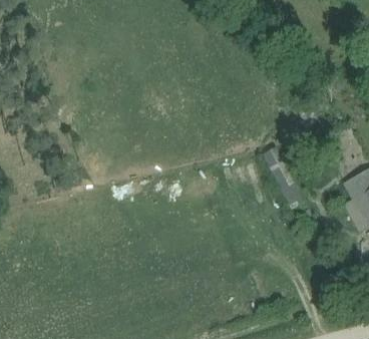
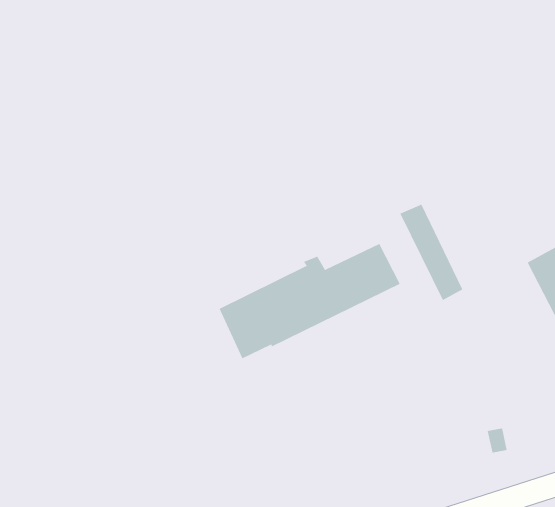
building: none -> [219,243,400,359]

